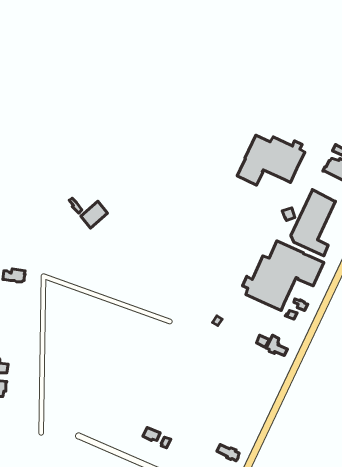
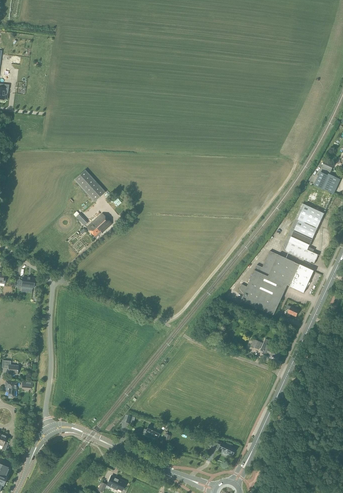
building: [237,135,305,185] -> none
building: none -> [74,169,105,202]

